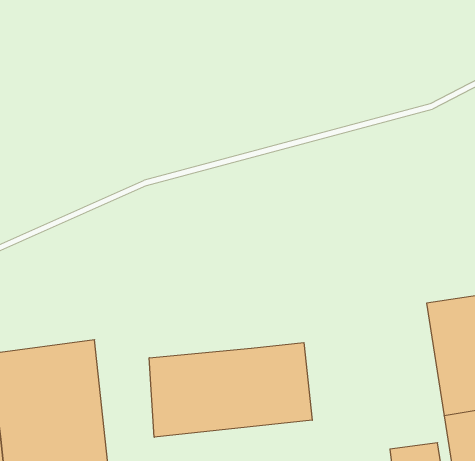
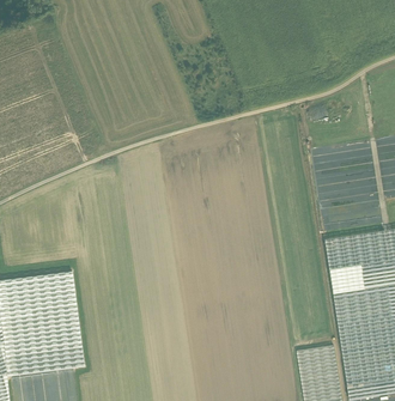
building: [149,343,312,437] -> none

